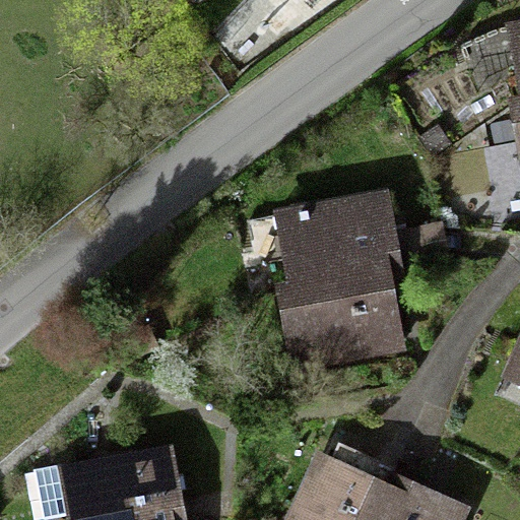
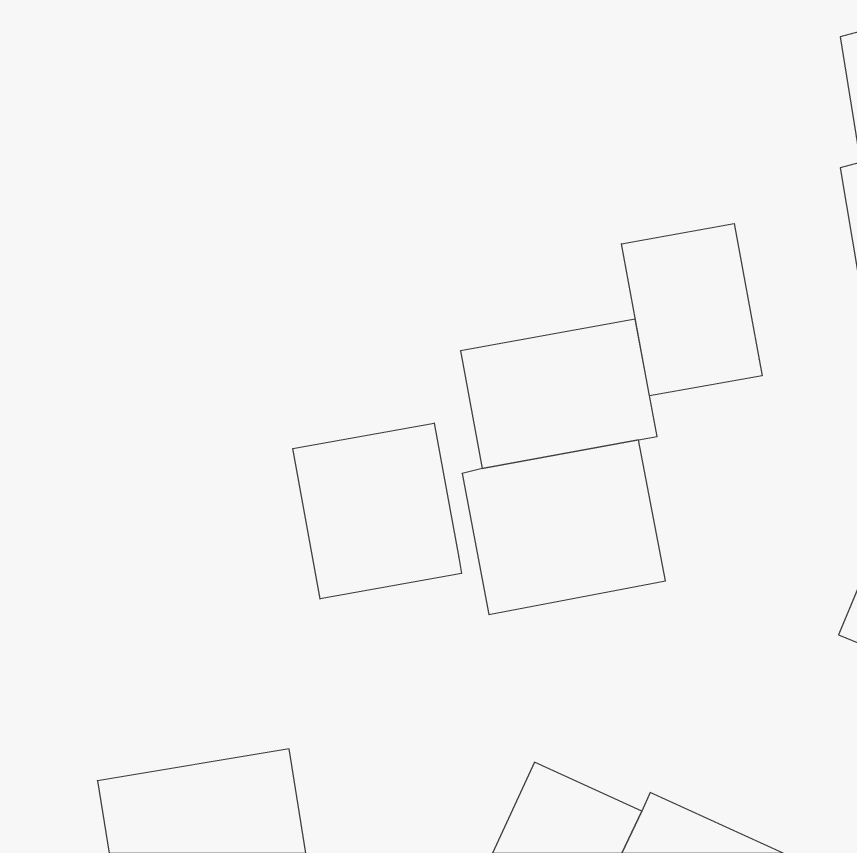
building: none -> [622,224,762,396]
building: none -> [293,423,462,599]

